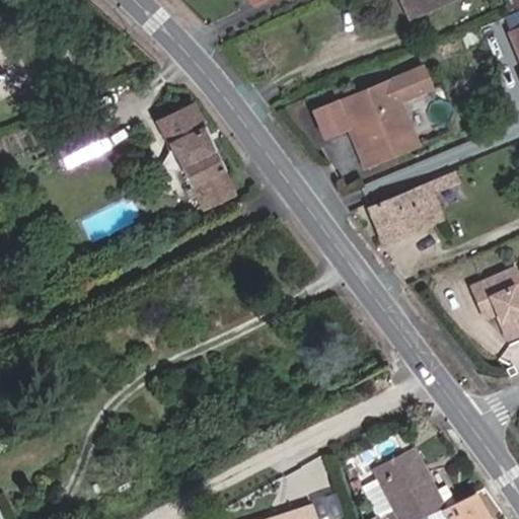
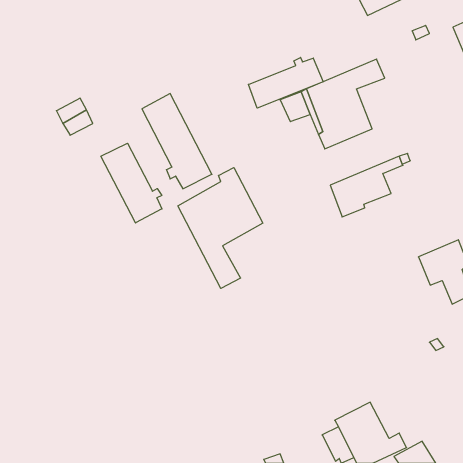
building: none -> [248,57,323,108]
building: none -> [101,143,162,223]
building: none -> [178,168,263,288]

